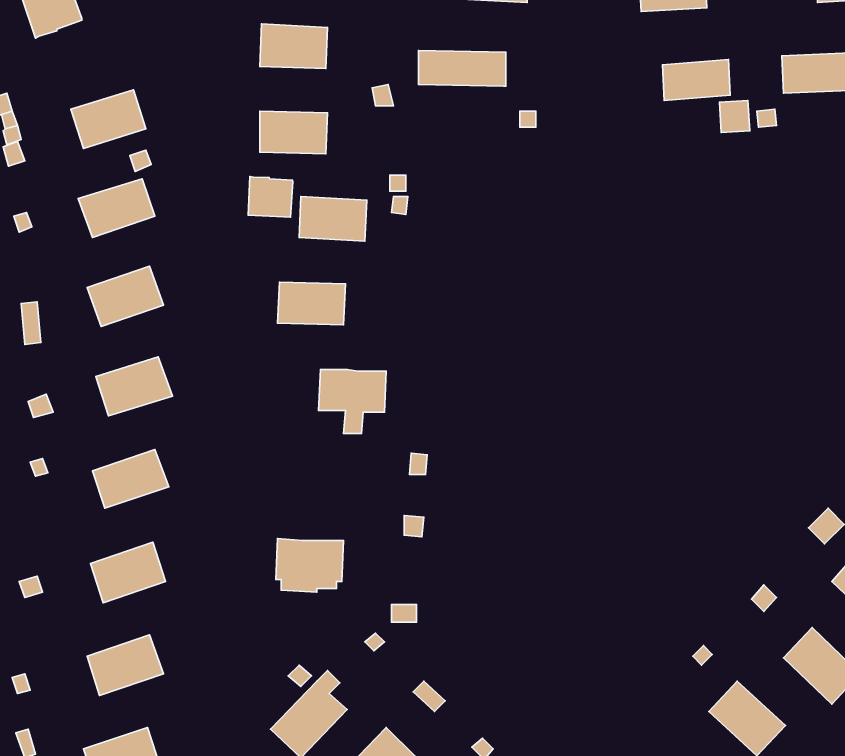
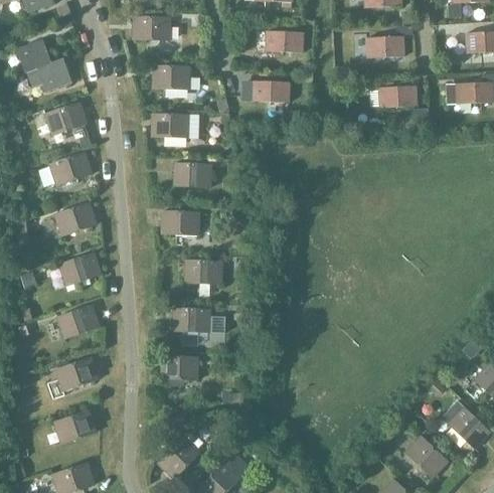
building: none -> [27,57,71,91]
building: [248,177,293,217] -> none
building: none -> [173,308,211,332]

